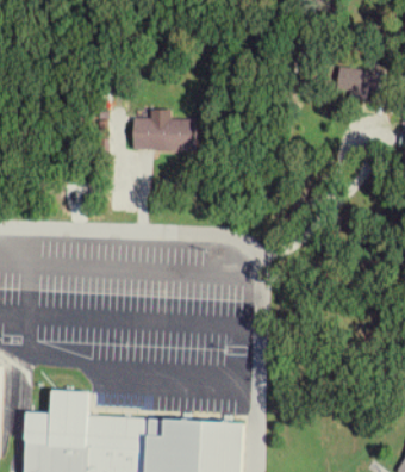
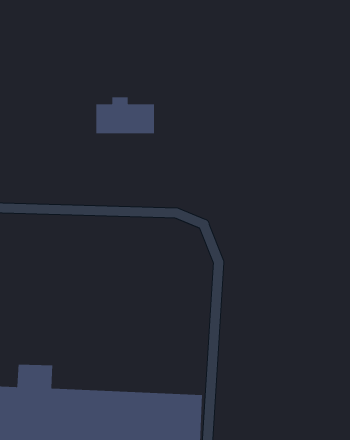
building: [332,66,378,95] -> none

